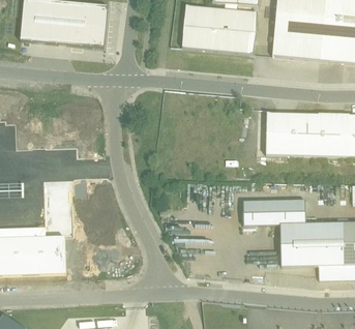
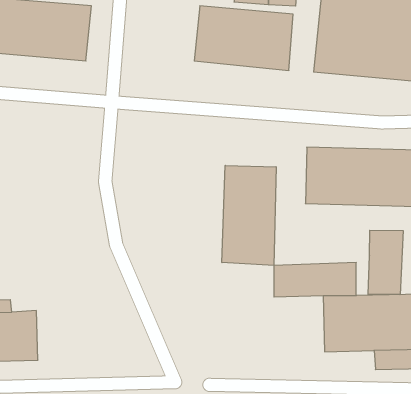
building: none -> [222,165,276,265]
building: none -> [368,230,403,295]

